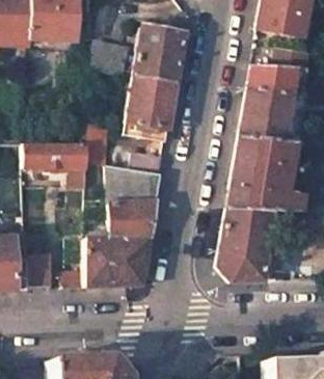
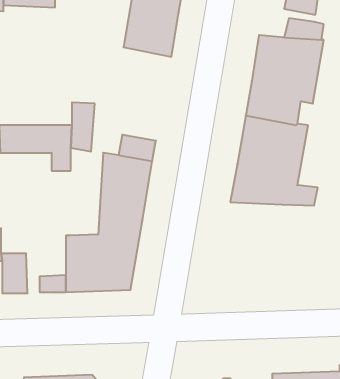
building: [125,75,177,140] -> none
building: [217,209,272,281] -> none

